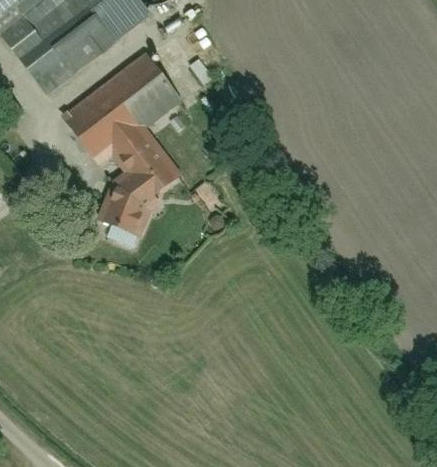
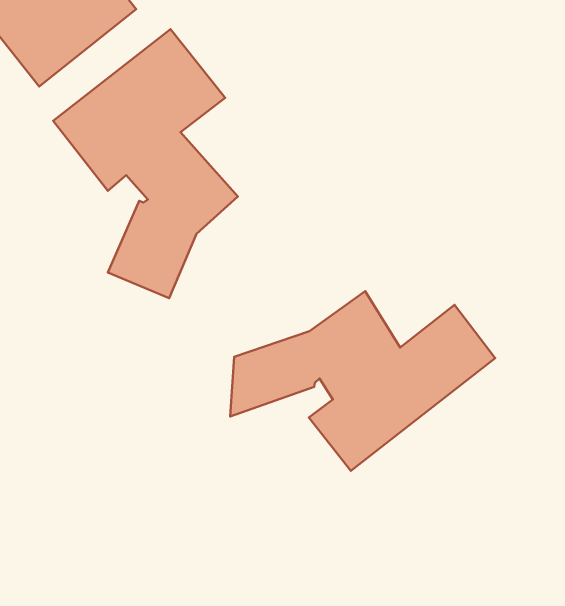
building: none -> [230,291,495,471]

